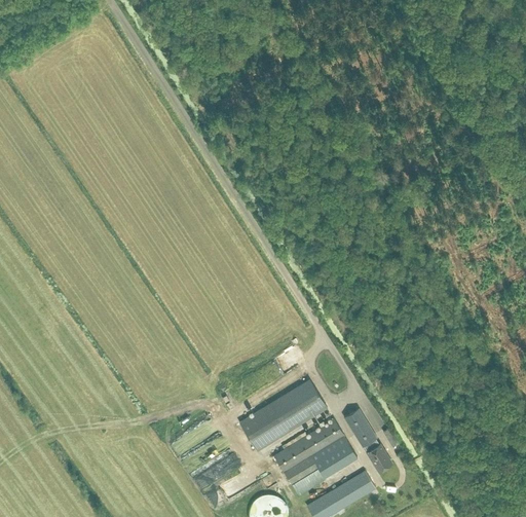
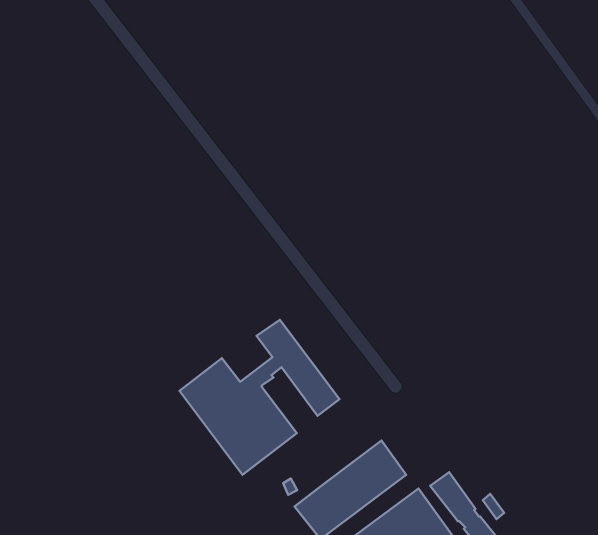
building: none -> [180,320,340,475]

